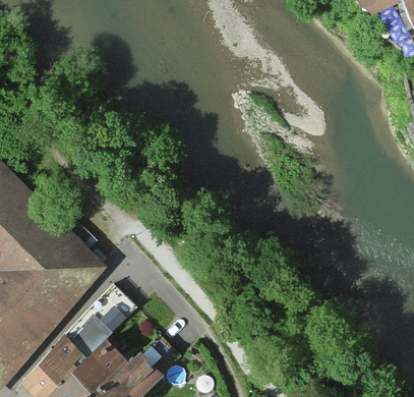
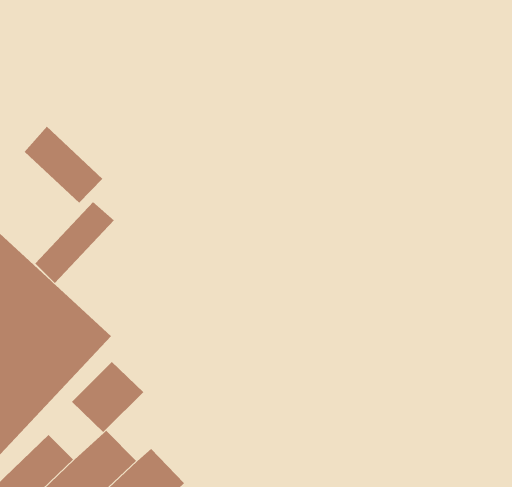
building: none -> [24,126,103,203]
building: none -> [35,201,115,284]

